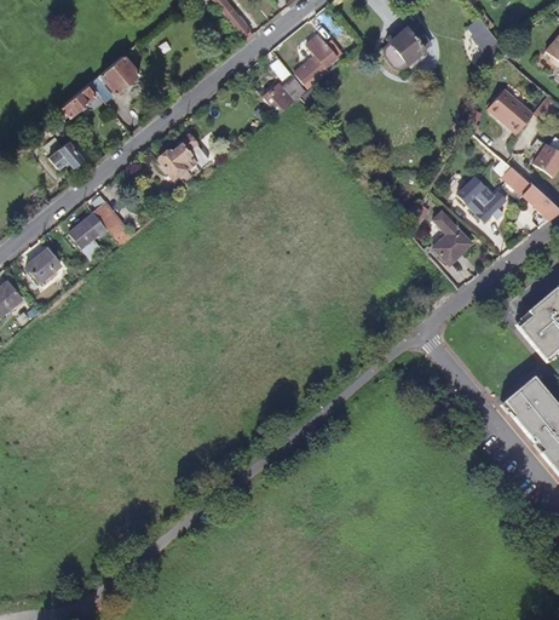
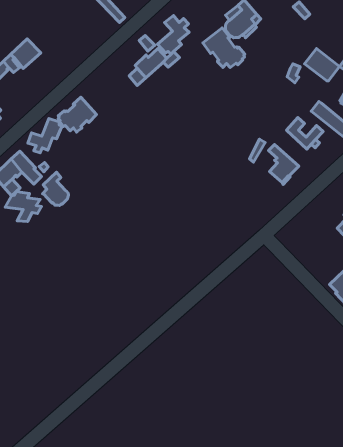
building: none -> [203,28,245,68]
building: none -> [28,119,62,153]
building: none -> [43,172,68,205]
building: none -> [5,191,41,222]

